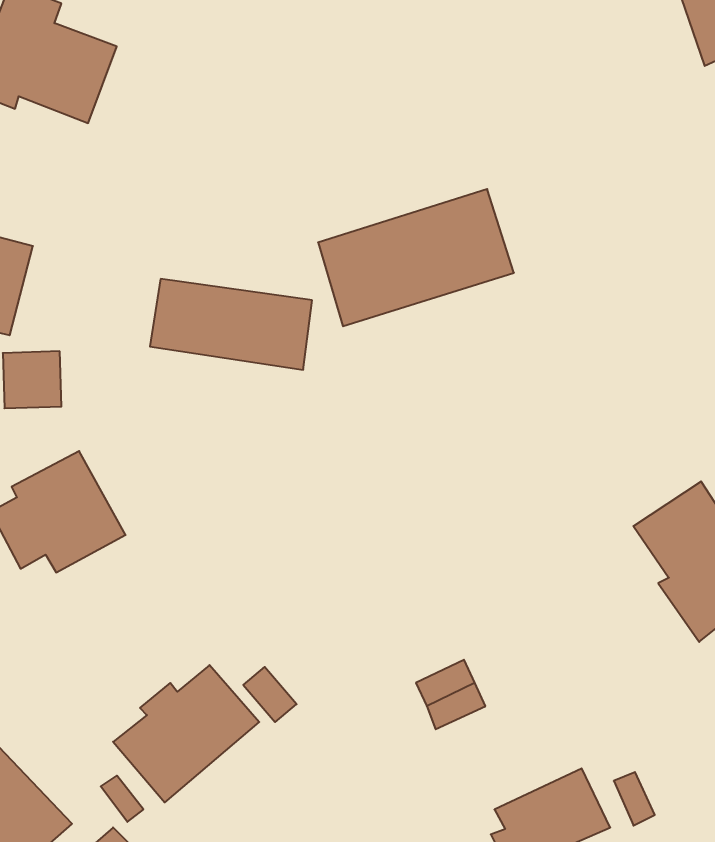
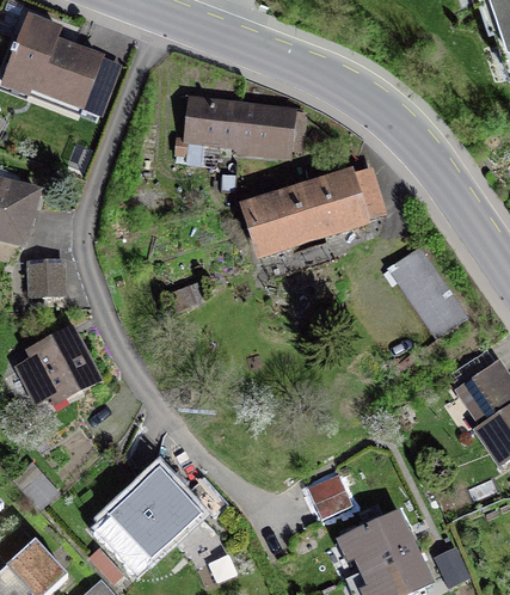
building: [150,279,312,370] -> [183,86,291,147]
building: none -> [382,239,455,323]
building: none -> [332,509,416,572]

